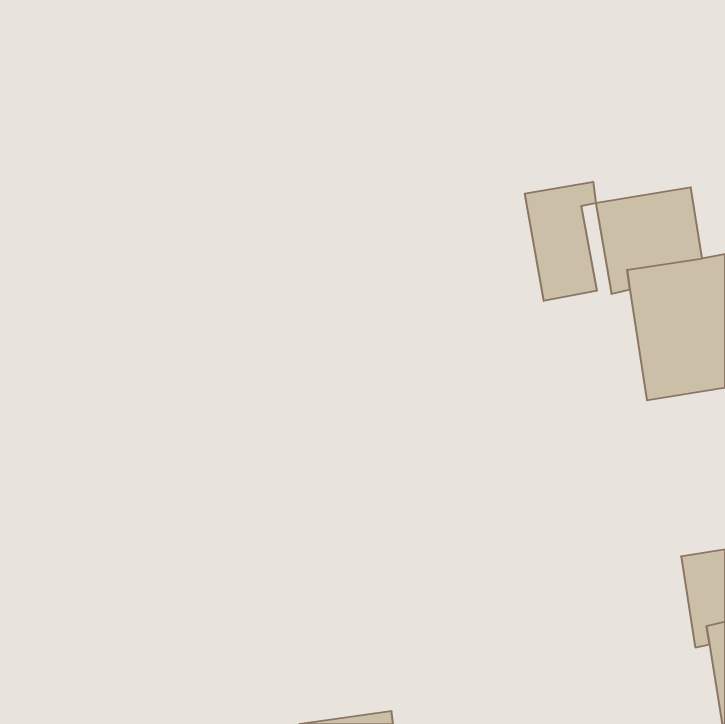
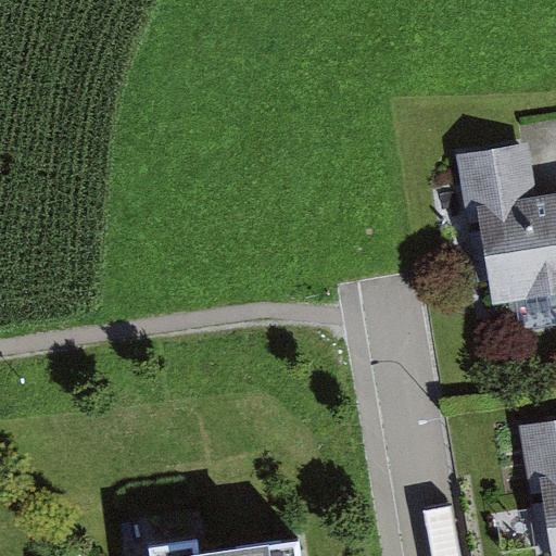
building: [525,182,597,301] -> none

